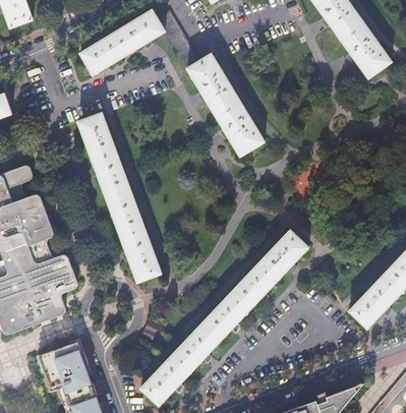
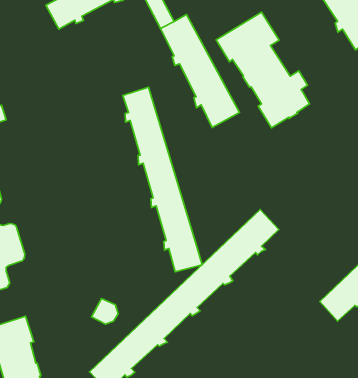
building: none -> [216,12,310,128]
building: [78,113,161,282] -> [123,87,202,272]

